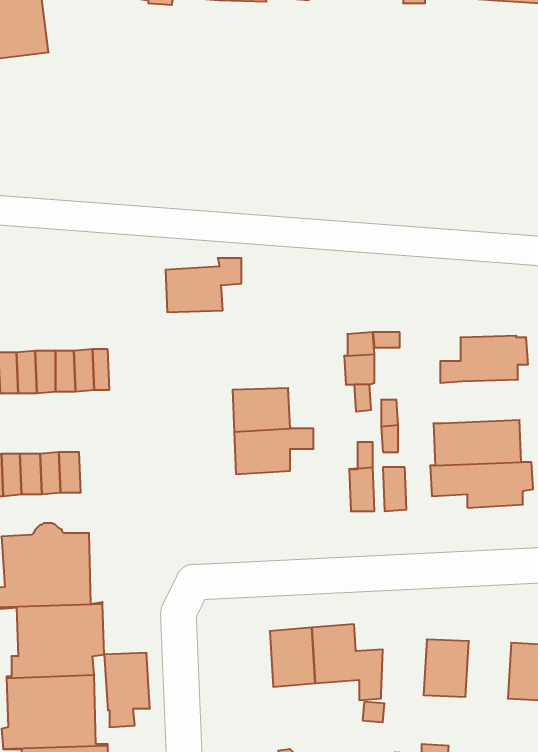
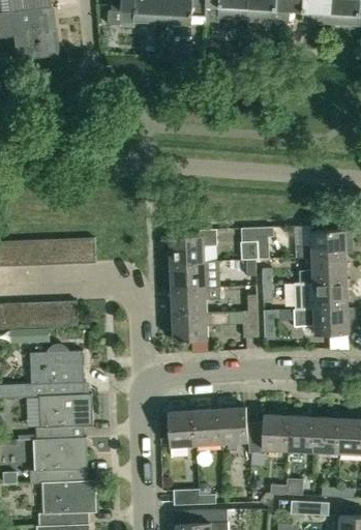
building: [165,258,241,312] -> [170,229,216,262]
building: none -> [298,256,347,283]
building: none -> [173,311,230,340]
building: none -> [262,414,290,449]
building: none -> [313,416,341,451]
building: [104,653,150,727] -> [168,410,195,455]

